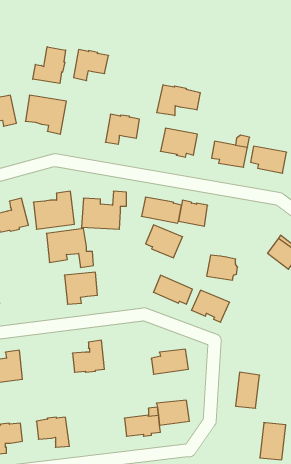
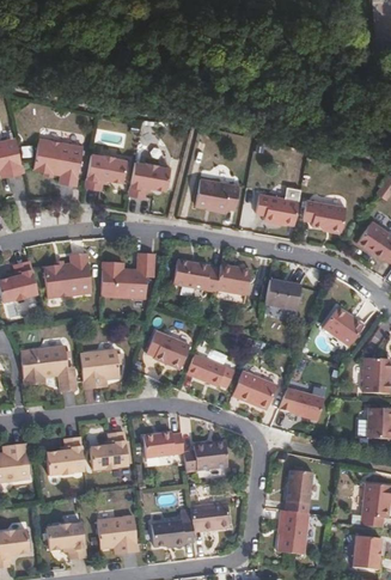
building: [33,47,66,83] -> none
building: [74,50,109,81] -> [85,152,127,189]
building: [157,85,200,116] -> none
building: [146,225,183,258] -> [146,330,190,370]
building: [46,228,93,267] -> [20,344,77,391]
building: [207,255,238,280] -> [265,279,303,309]
building: none -> [291,390,324,420]
building: none -> [142,432,184,458]
building: none -> [47,436,85,475]
building: none -> [97,515,139,551]
building: [260,423,286,460] -> [277,509,308,554]

